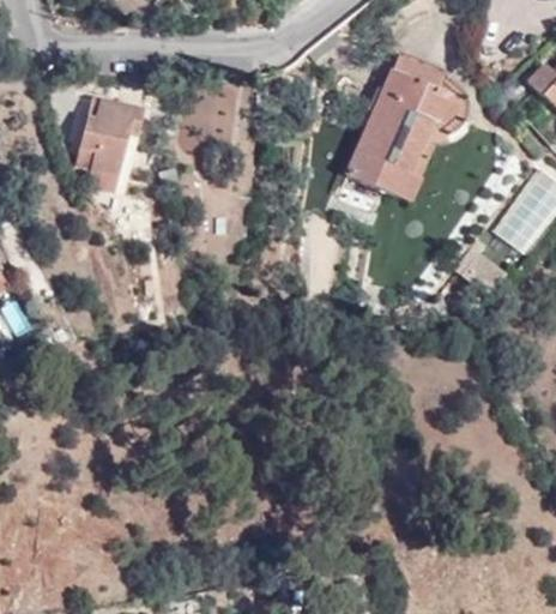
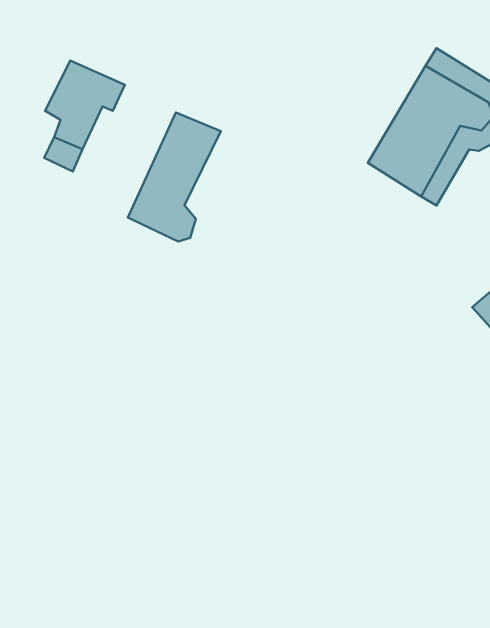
building: none -> [128,112,221,242]

